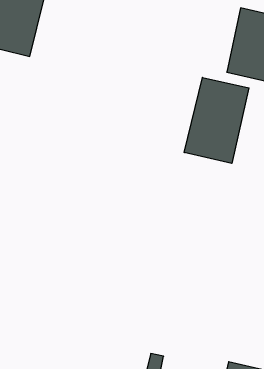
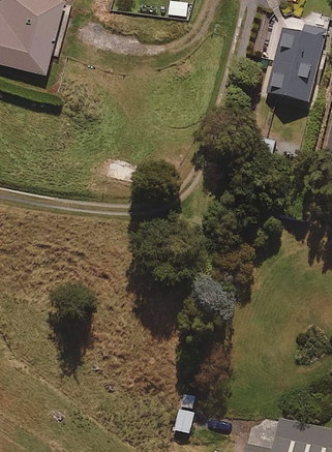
building: [184,77,249,163] -> none

